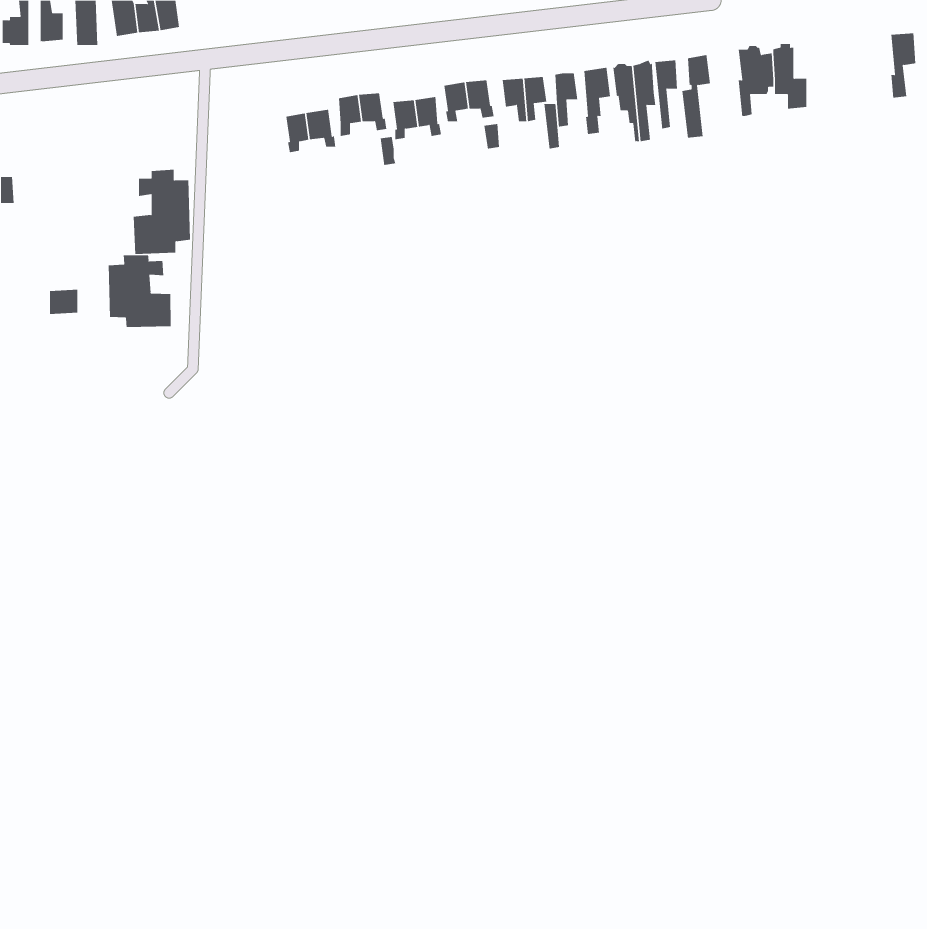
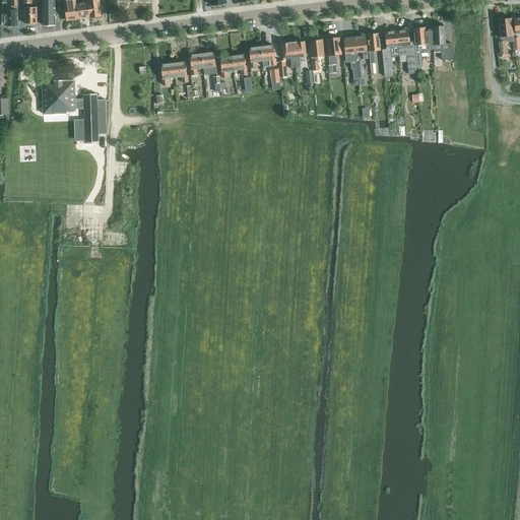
building: none -> [396,29,417,74]
building: none -> [46,80,78,114]
building: [108,254,171,328] -> none

